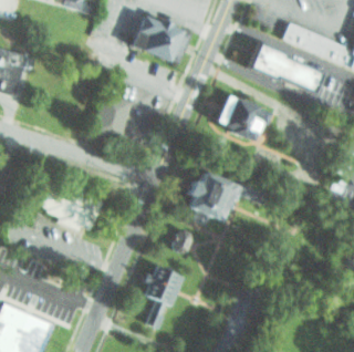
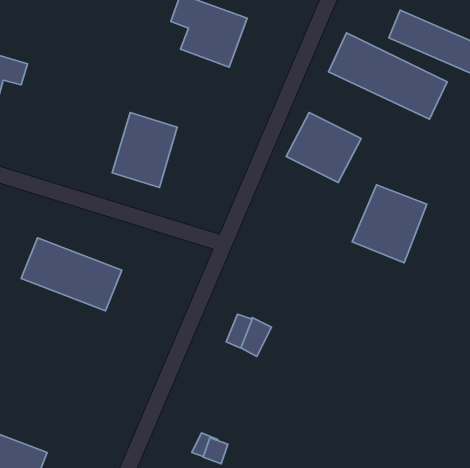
building: [179,169,230,222] -> [352,185,427,263]
building: [144,267,185,306] -> none

